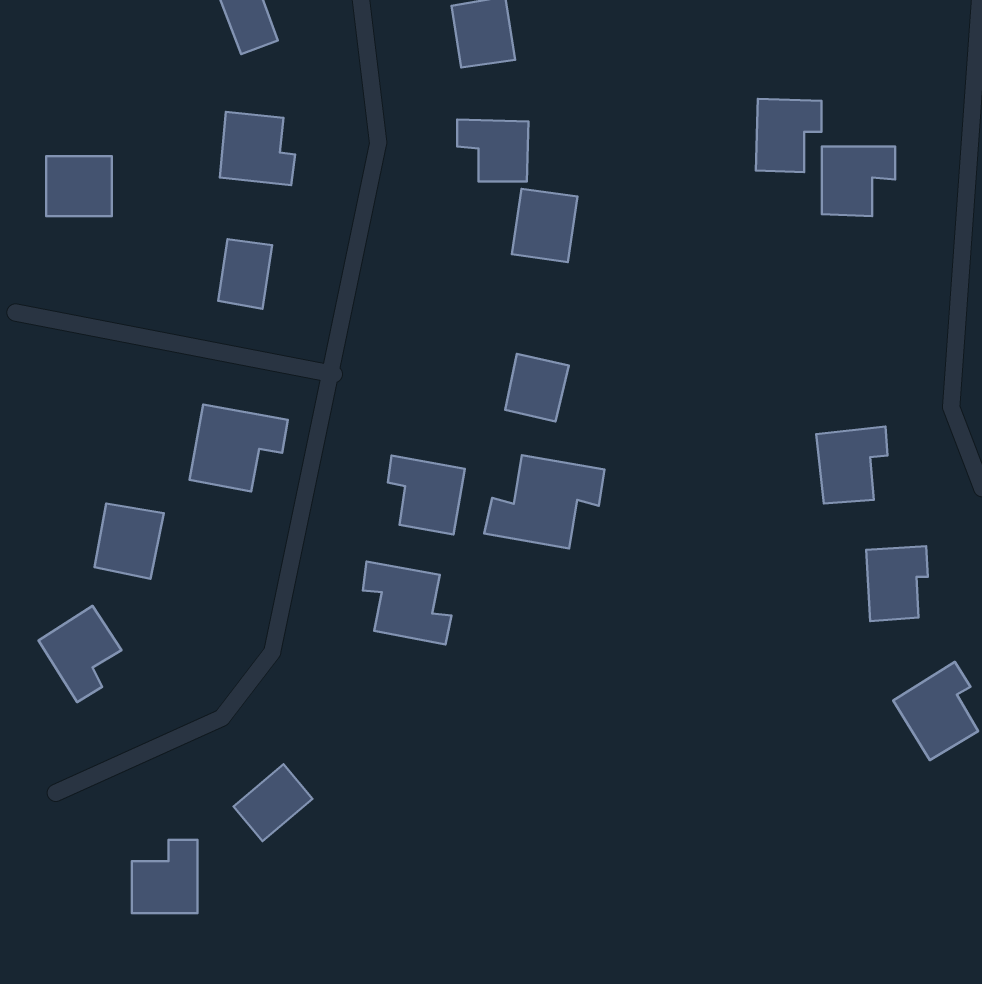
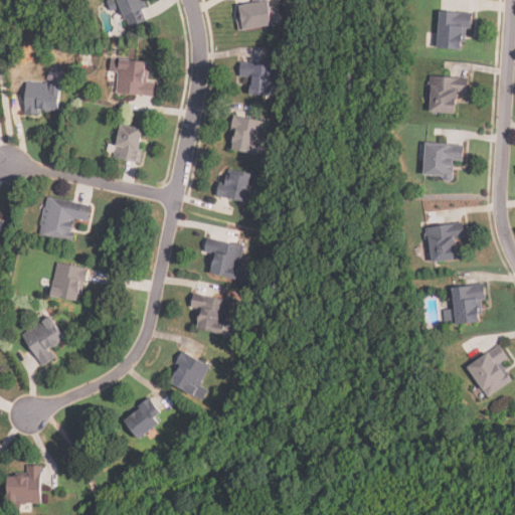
building: [756,99,821,172] -> [437,11,471,49]
building: [512,189,577,262] -> [228,116,263,154]
building: none -> [423,143,462,178]
building: [505,354,569,421] -> [217,167,250,202]
building: [190,405,288,491] -> [38,196,90,241]
building: [484,455,605,549] -> none
building: none -> [166,352,208,399]
building: [132,840,197,913] -> [6,465,40,503]

